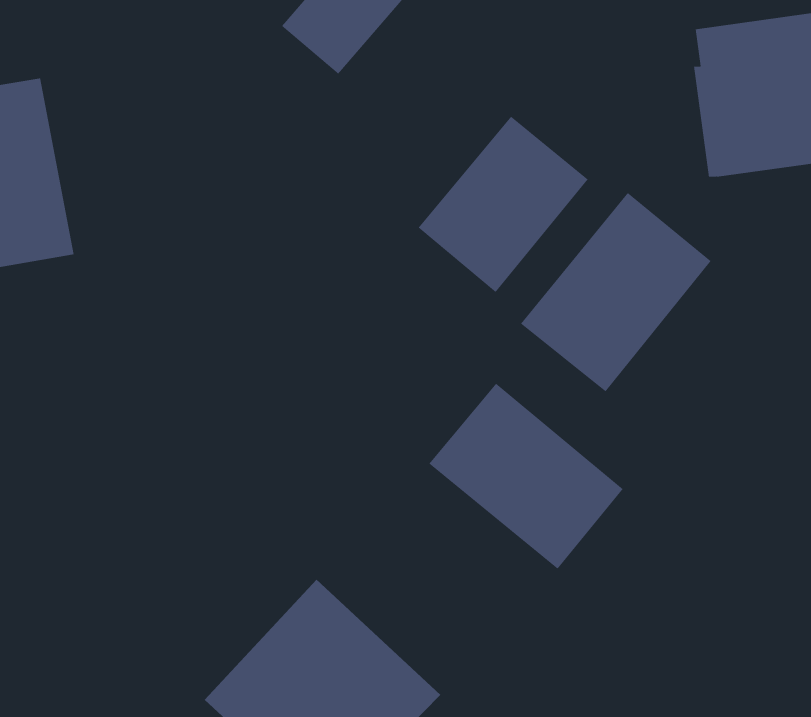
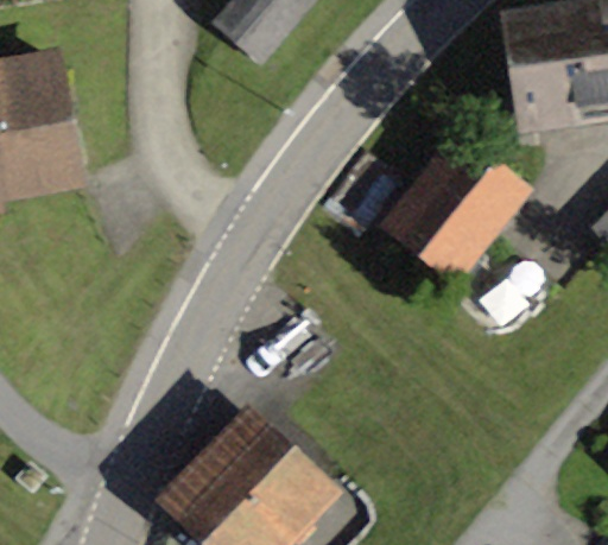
building: [418,116,589,293] -> none
building: [428,383,624,570] -> none

